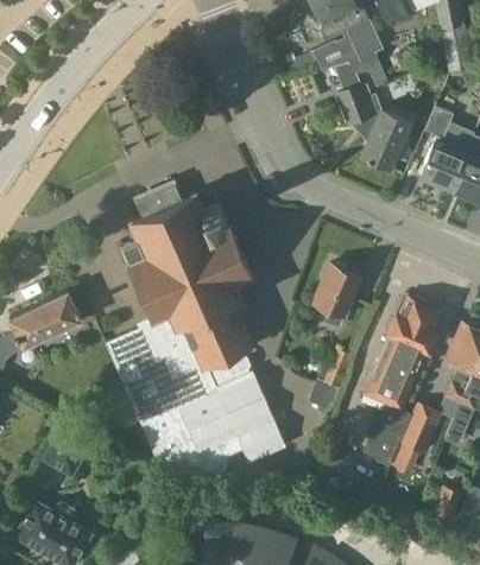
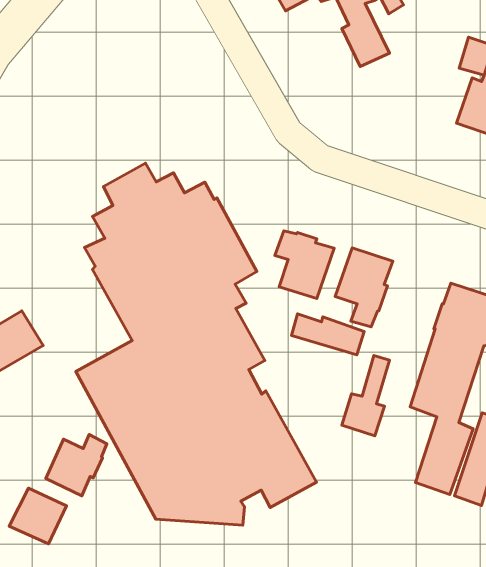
building: [361,109,410,167] -> none
building: none -> [275,231,334,299]
building: none -> [292,314,364,355]
building: none -> [46,435,107,496]

